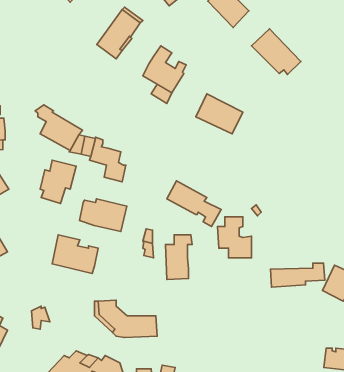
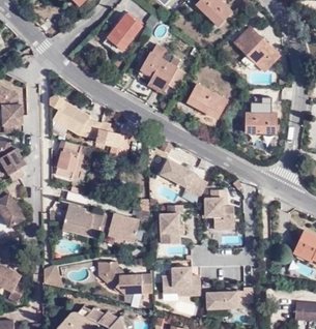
building: none -> [242,106,274,132]
building: [80,199,127,231] -> [98,213,139,241]
building: [270,263,325,287] -> [206,288,253,308]
building: none -> [162,266,200,295]

